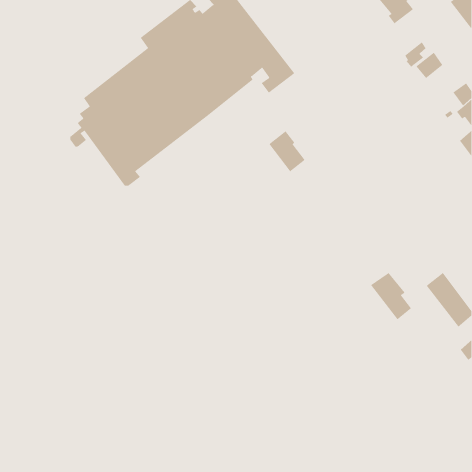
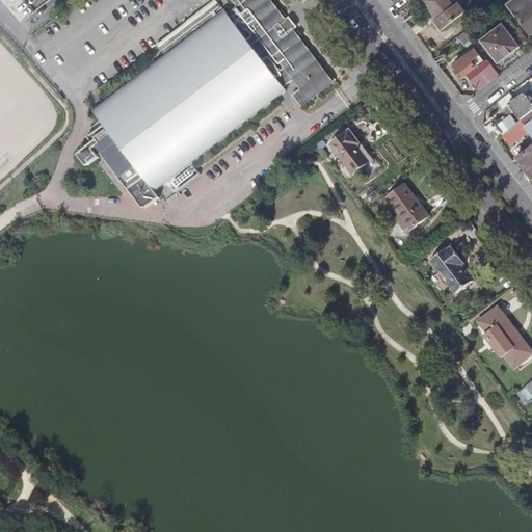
building: none -> [480,23,518,60]
building: [268,130,305,172] -> [328,128,370,175]
building: none -> [387,184,428,232]
building: [370,272,412,320] -> [430,245,477,299]

